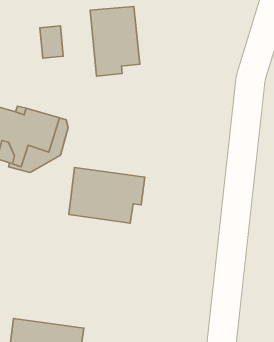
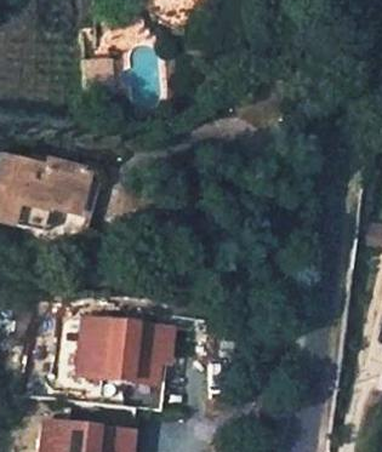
building: [90,6,140,76] -> none
building: [69,168,145,223] -> [80,316,175,385]

